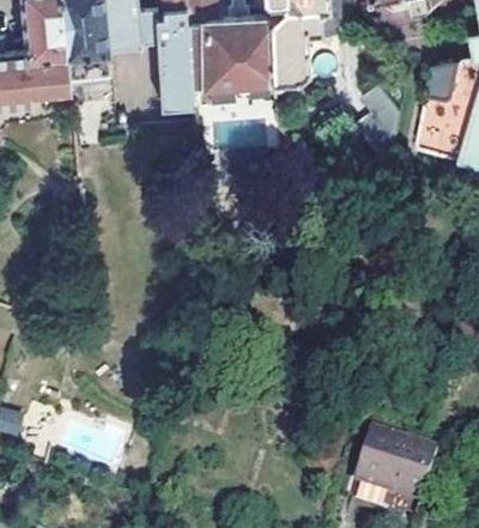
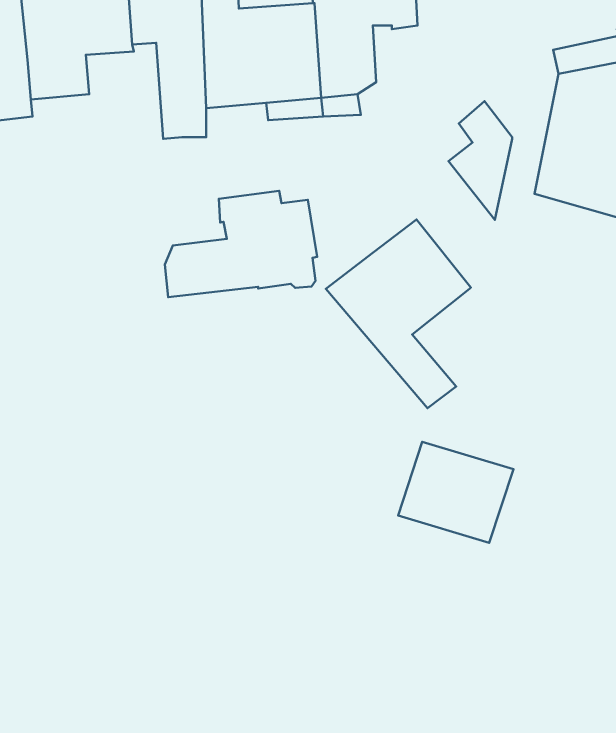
building: none -> [165,191,317,297]
building: none -> [326,219,471,408]
building: [352,436,432,506] -> [398,442,513,543]

